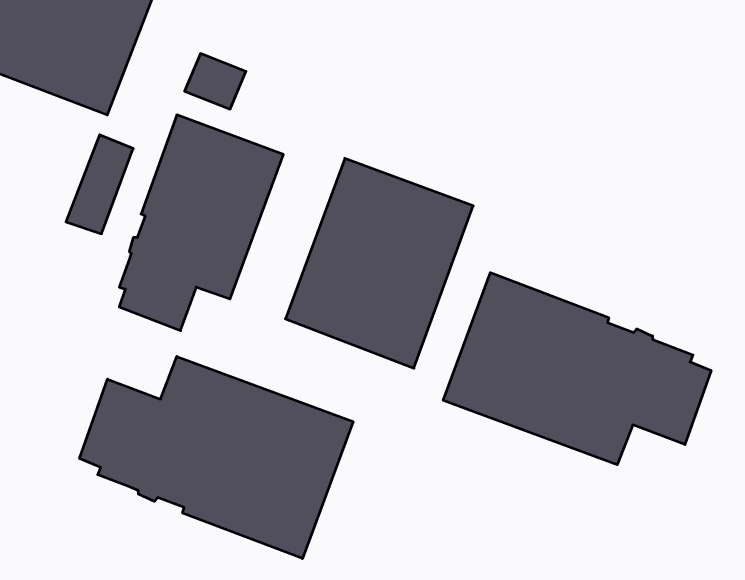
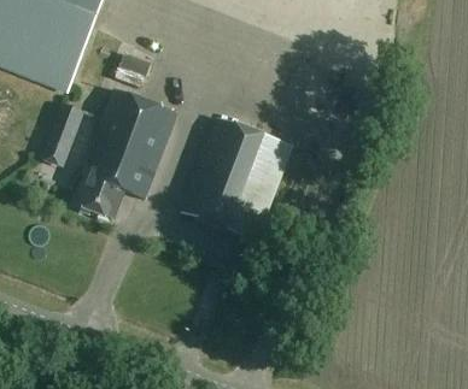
building: [443,273,711,465] -> none
building: [80,356,353,559] -> none

